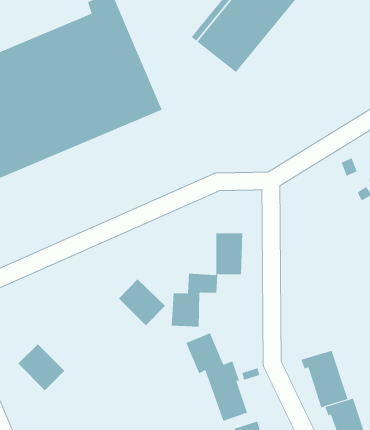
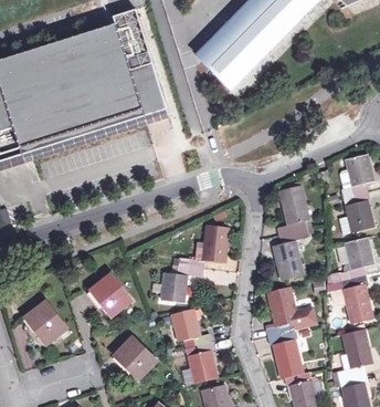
building: none -> [271,184,307,278]
building: [118,279,166,326] -> [89,274,129,315]
building: none -> [265,284,314,335]
building: none -> [114,337,155,378]

